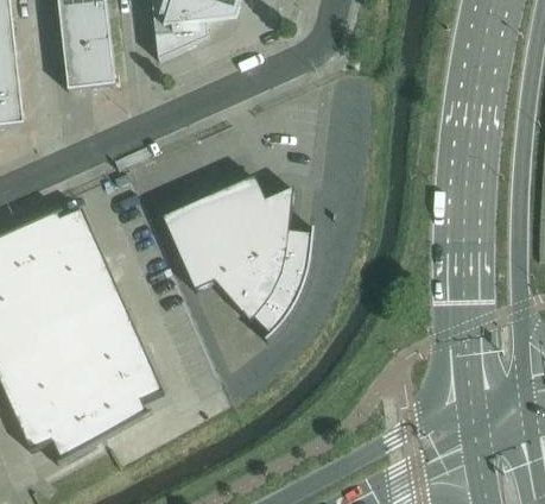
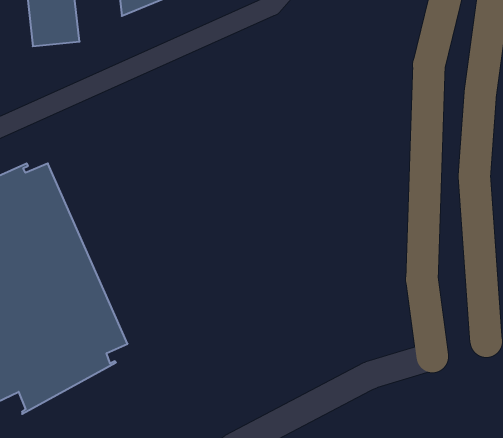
building: [161,174,313,338] -> none

